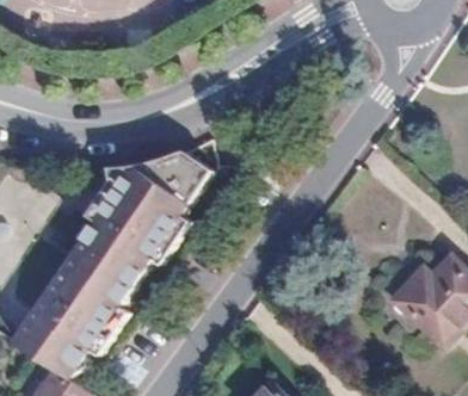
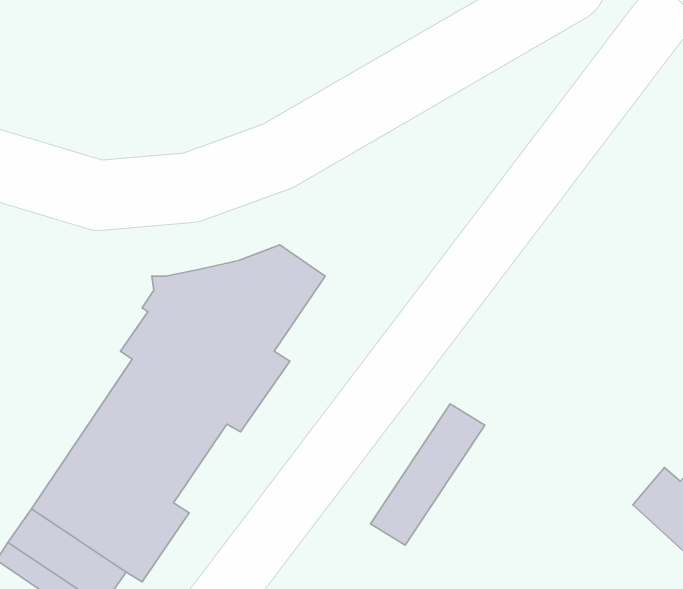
building: none -> [371,404,485,545]

